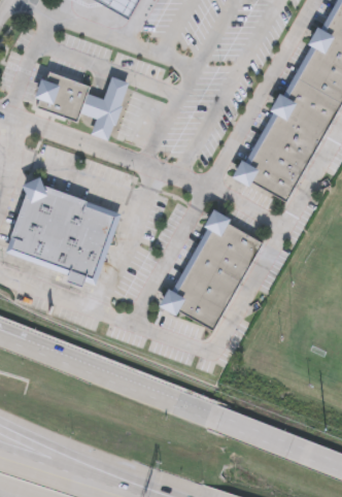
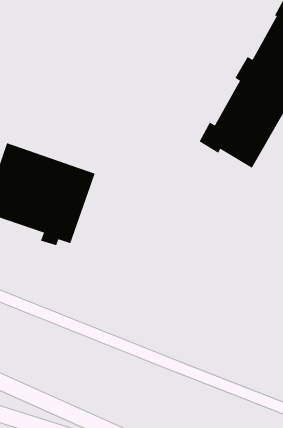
building: [35,70,130,139] -> none
building: [159,205,261,330] -> none

